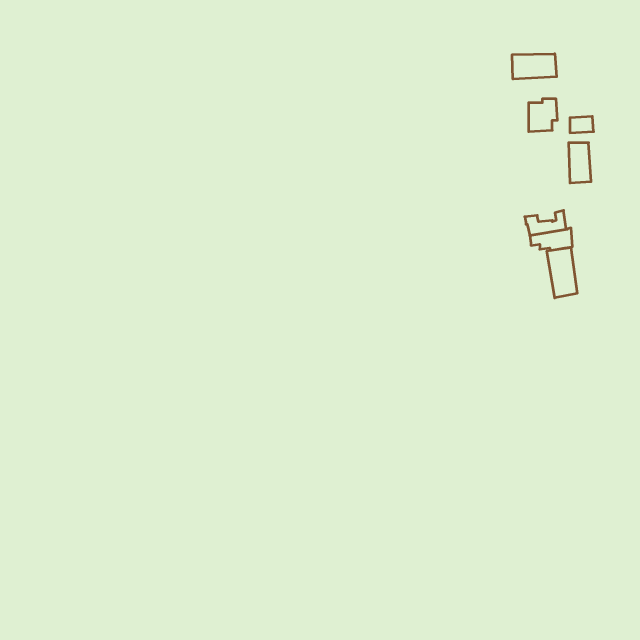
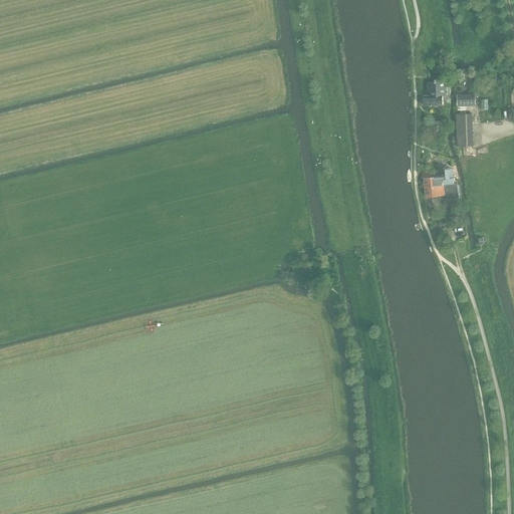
building: [512,54,557,79] -> none
building: [547,248,577,298] -> none

